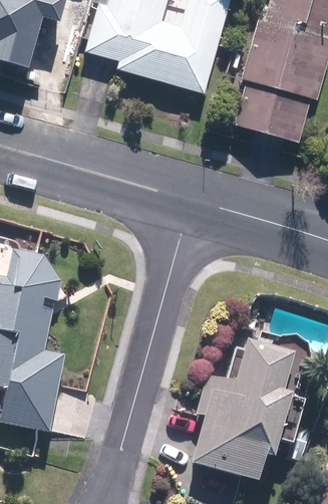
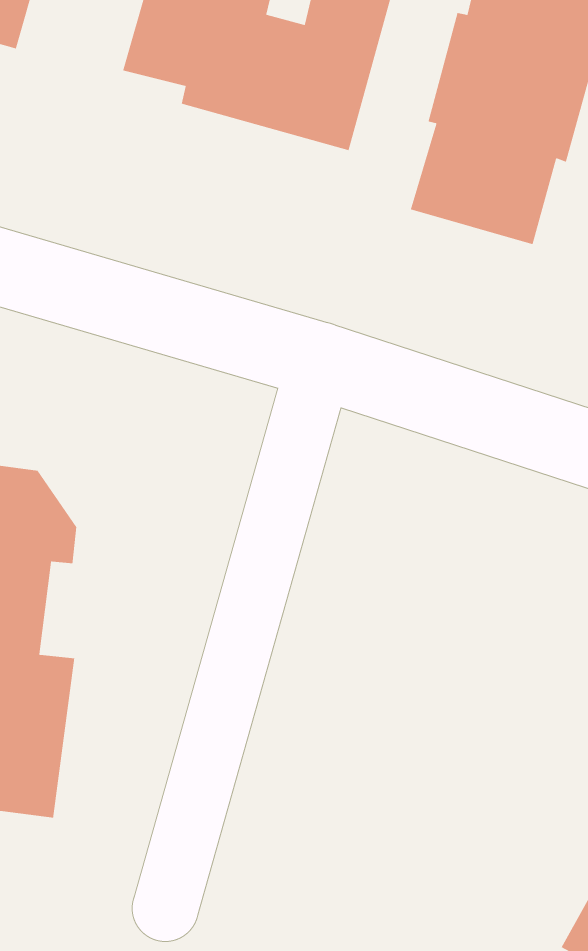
building: [191,337,305,482] -> none

